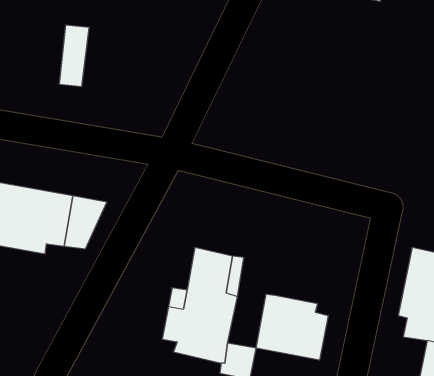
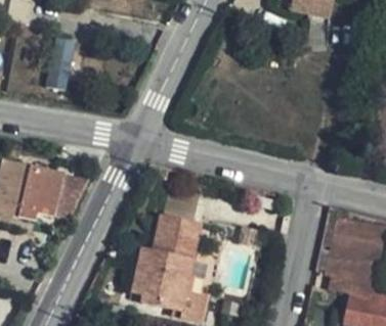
building: [256,294,328,360] -> none

